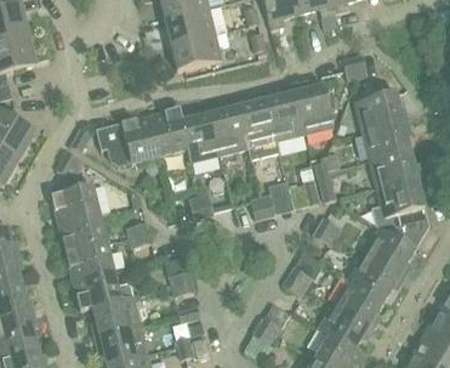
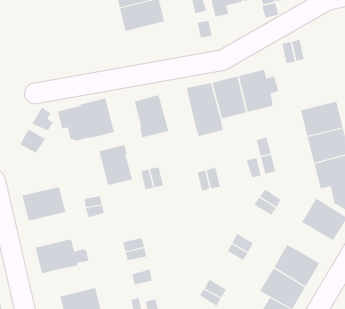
building: [171,29,229,69] -> none
building: [355,91,403,130] -> none
building: [209,106,247,153] -> none
building: [150,109,188,154] -> [99,144,133,186]
building: [51,185,99,223] -> none
building: [65,242,113,281] -> none
building: [348,253,399,298] -> none
building: [92,295,139,334] -> none

